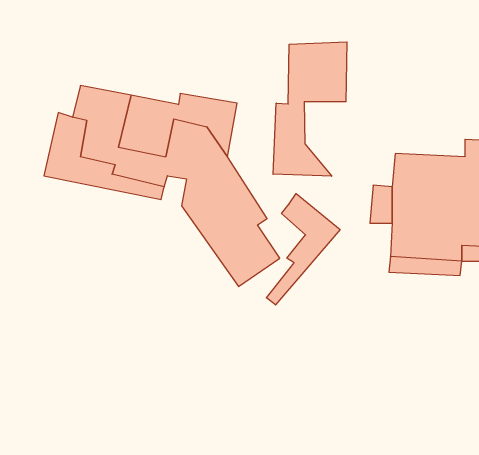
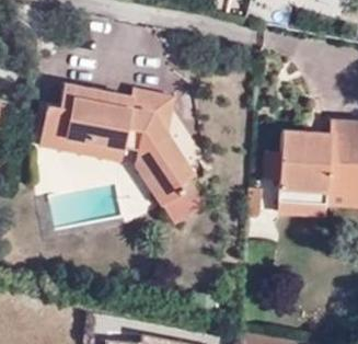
building: [273,42,347,176] -> none
building: [266,194,340,305] -> none

